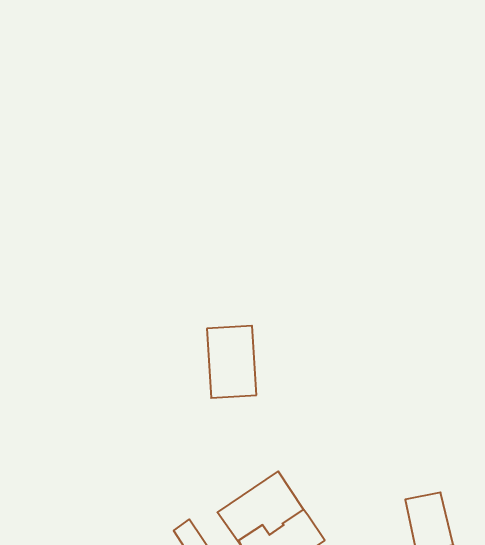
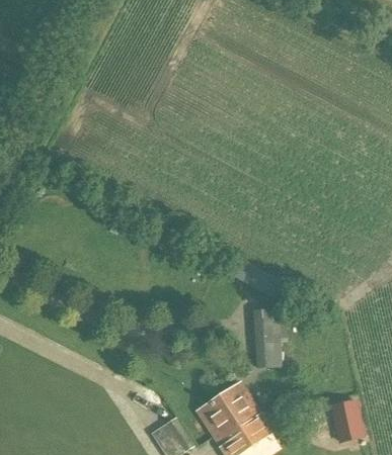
building: [207,326,256,398] -> [252,315,288,367]

